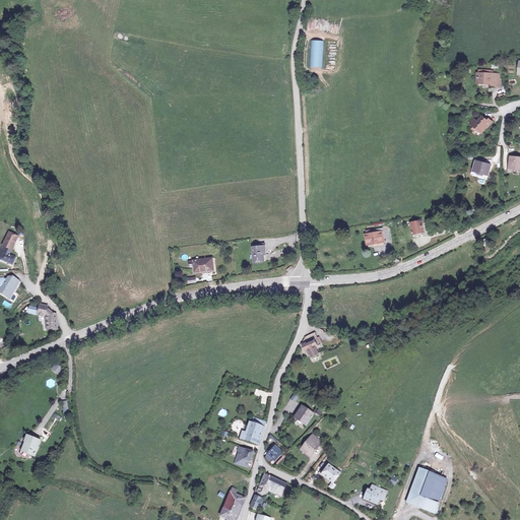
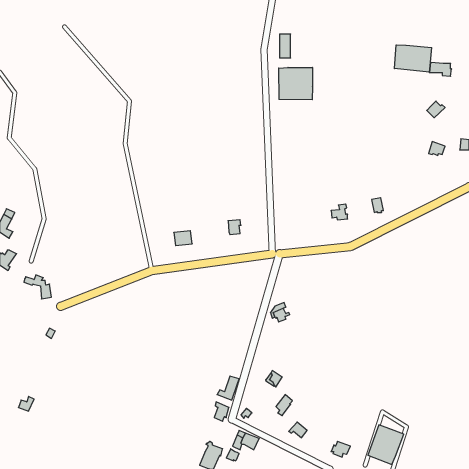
building: none -> [394,45,432,72]
building: none -> [279,67,312,100]

